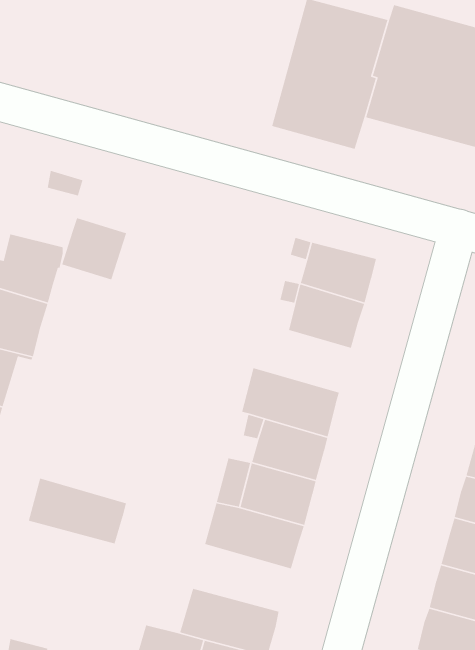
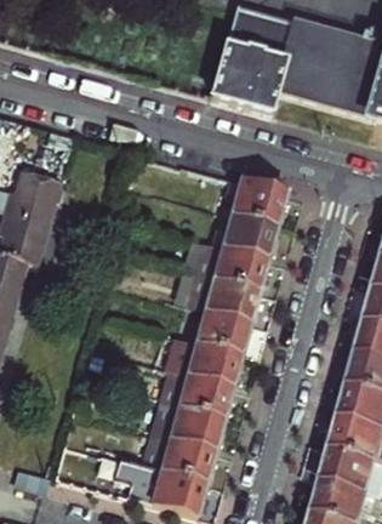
building: [61,217,127,280] -> none
building: none -> [198,241,269,290]
building: [28,478,127,544] -> [154,400,226,449]

